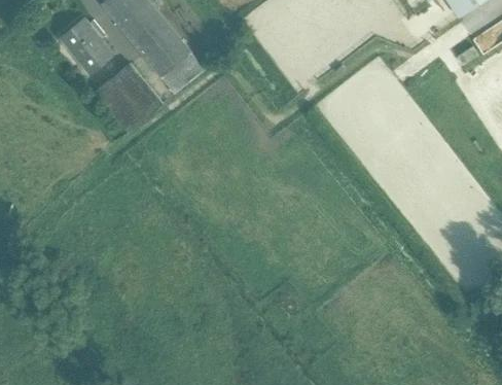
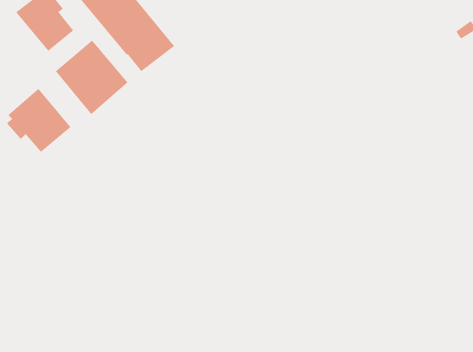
building: none -> [6,88,71,153]

